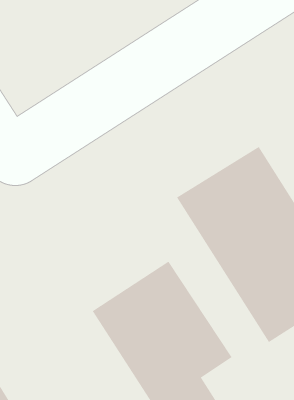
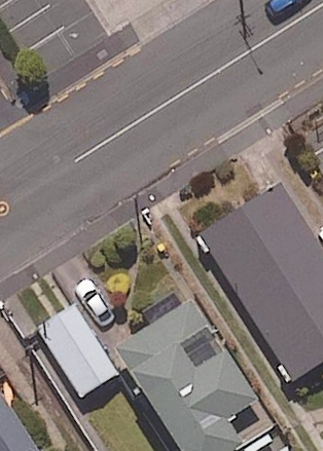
building: none -> [39,305,119,397]

